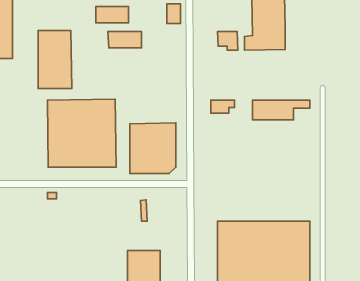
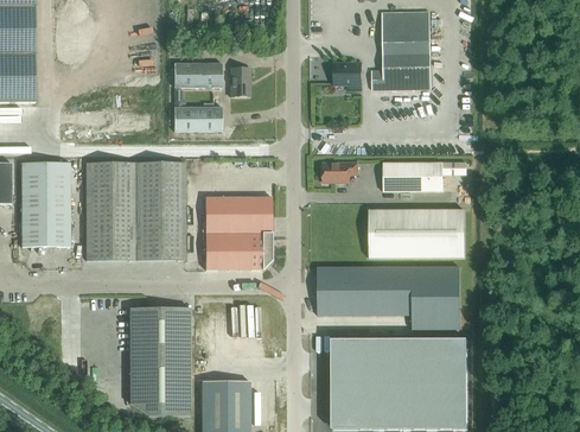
building: [167,4,181,23] -> [230,68,250,96]
building: [96,6,129,23] -> [174,107,222,131]
building: [38,31,72,89] -> [21,163,70,247]
building: none -> [369,209,465,258]
building: none -> [317,267,459,329]
building: none -> [129,307,190,415]

